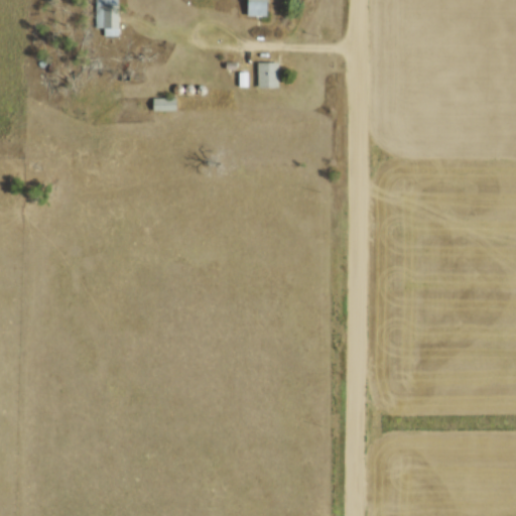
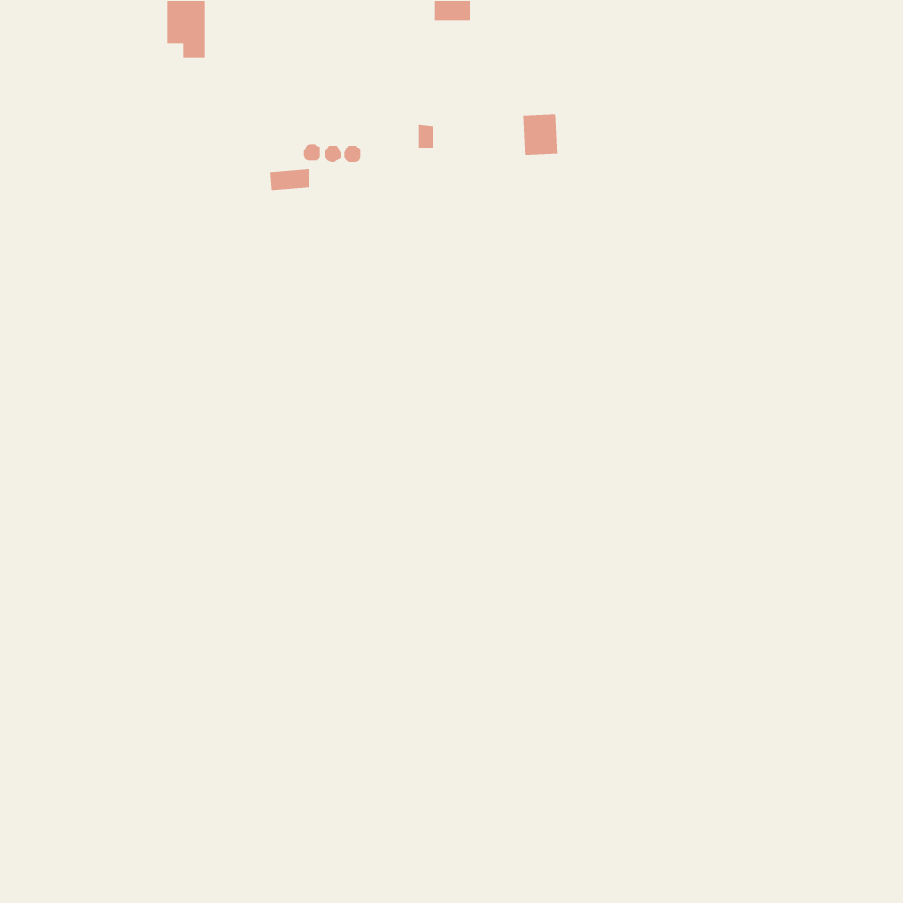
building: [258,61,278,86] -> [523,113,558,156]

